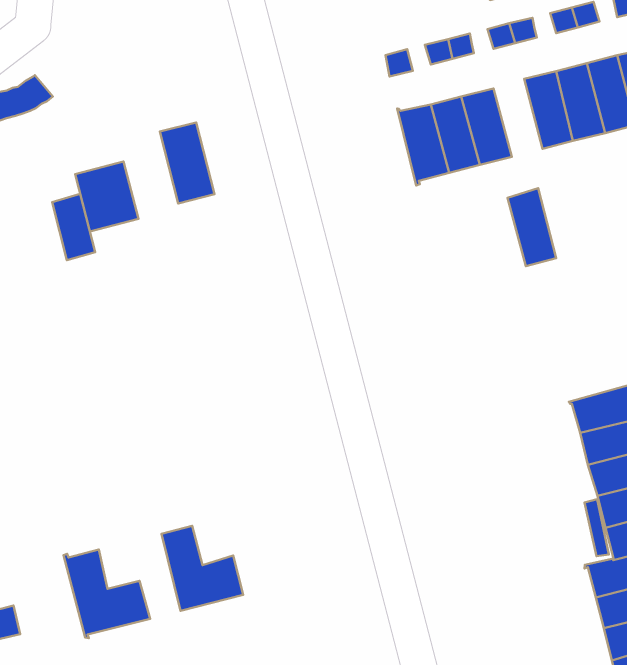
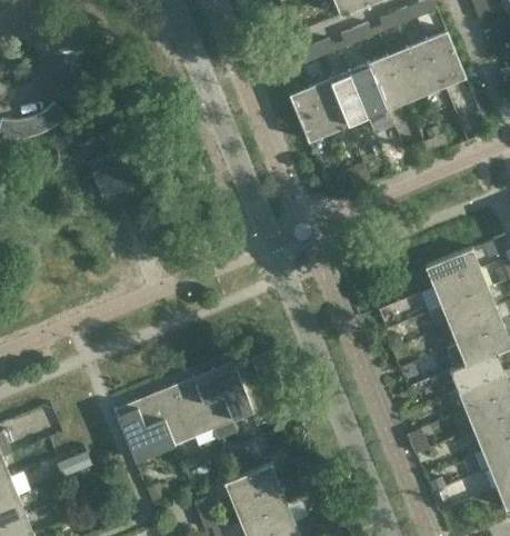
building: [160,122,214,203] -> none
building: [507,188,556,266] -> [349,66,386,117]
building: [52,194,95,260] -> none
building: none -> [193,363,253,421]
building: none -> [136,389,193,445]

